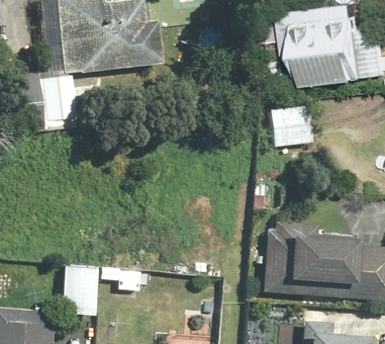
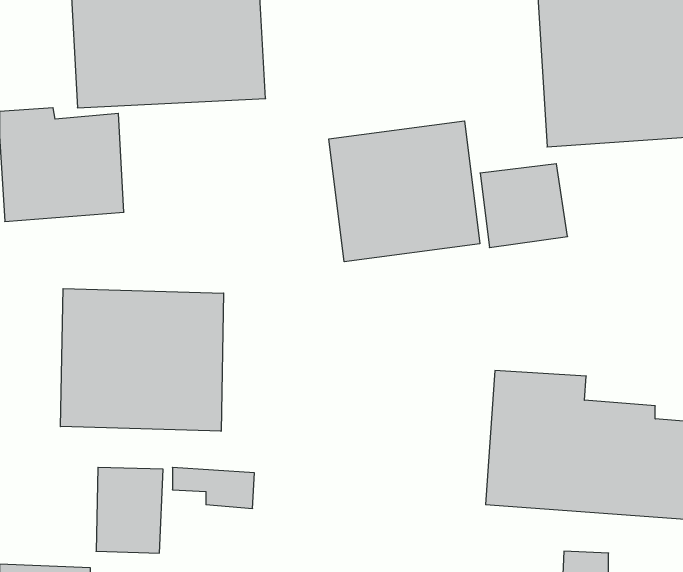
building: none -> [329,121,480,262]
building: none -> [60,289,224,431]

